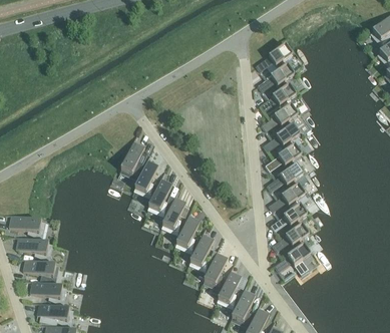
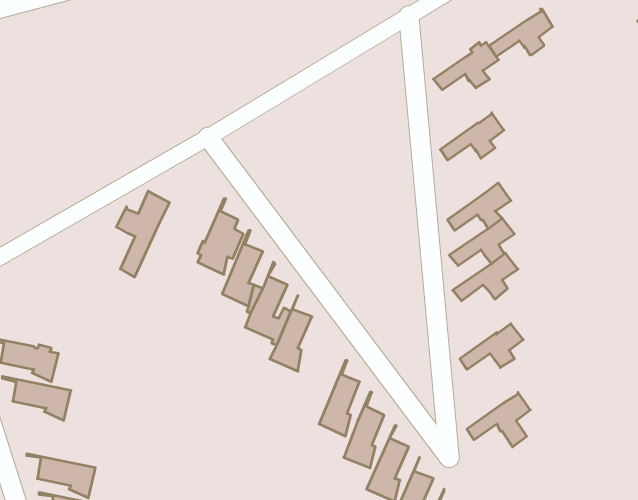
building: [258,64,294,91] -> [489,9,553,57]
building: [262,104,298,131] -> none
building: none -> [116,191,169,277]
building: [269,185,305,212] -> none
building: [176,207,200,251] -> none
building: [273,224,309,251] -> none
building: [17,257,56,282] -> none

